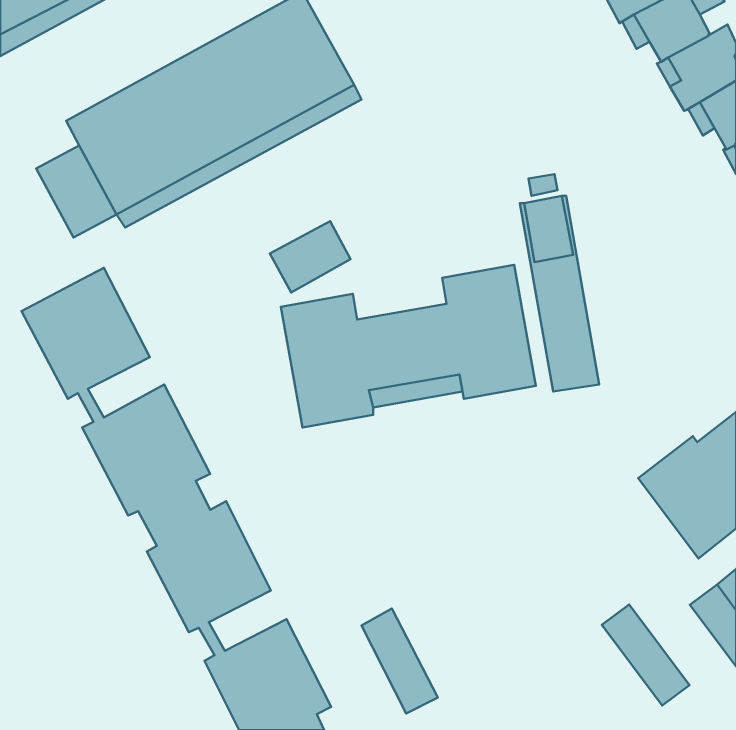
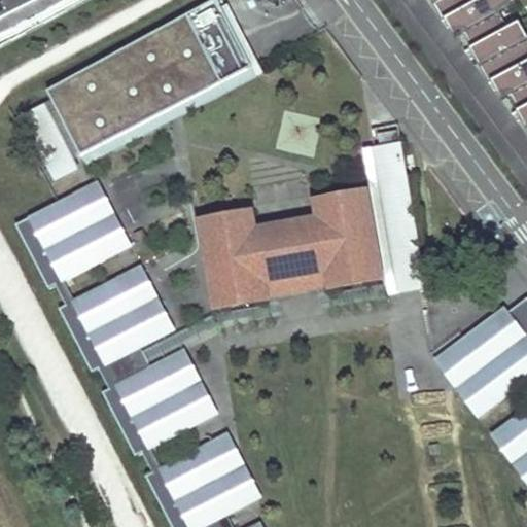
building: [270,221,351,293] -> none
building: none -> [74,180,130,255]
building: none -> [117,264,173,339]
building: none -> [162,347,216,422]
building: [602,605,690,705] -> [436,342,499,414]
building: [361,608,438,713] -> [205,430,259,505]

